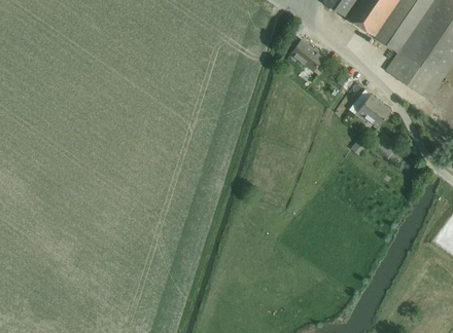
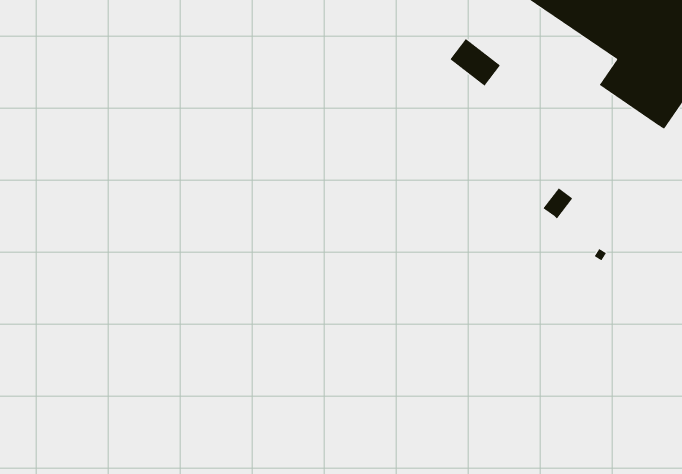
building: [354,94,389,126] -> none

